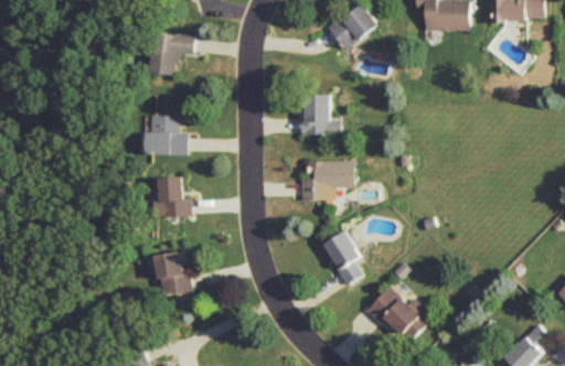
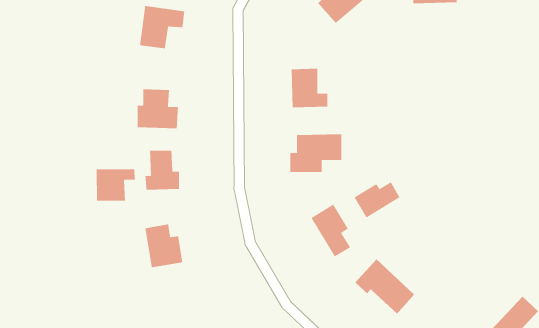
building: none -> [96,169,136,202]
building: none -> [354,181,400,218]

